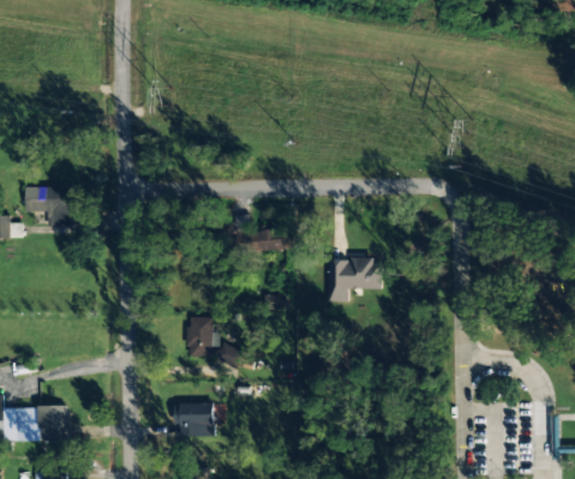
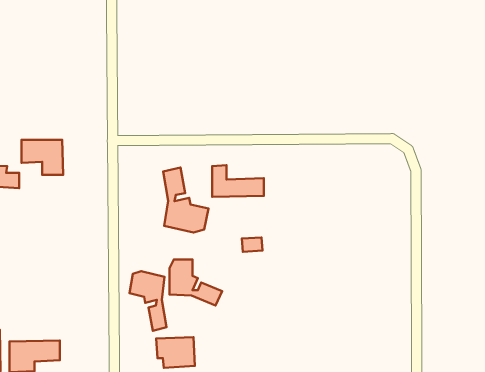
building: none -> [163,167,209,232]
building: [329,259,383,303] -> none
building: none -> [130,271,166,331]

